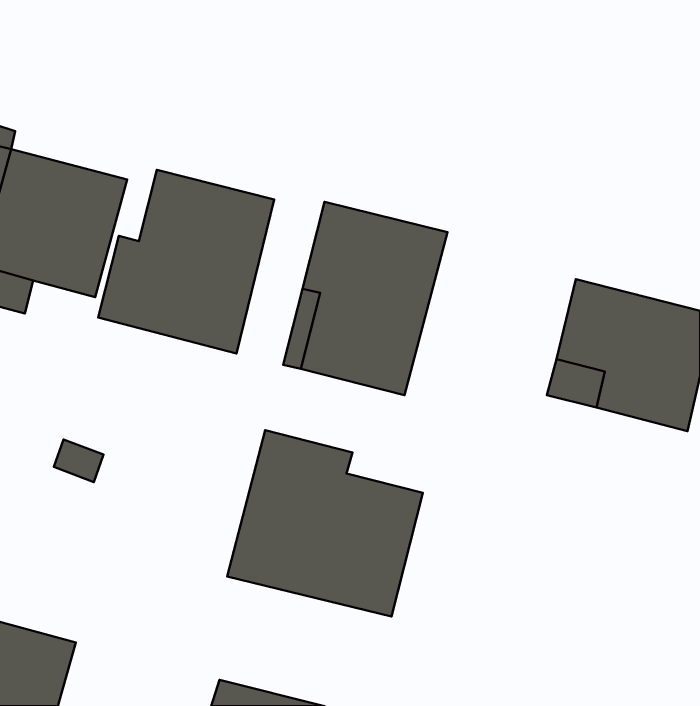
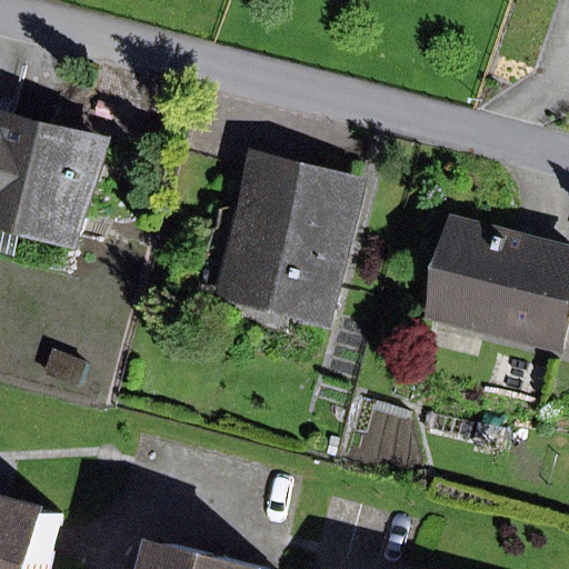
building: [98,170,274,354] -> none
building: [227,430,423,616] -> none

